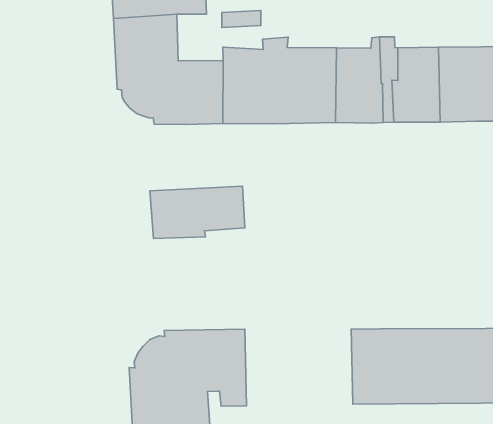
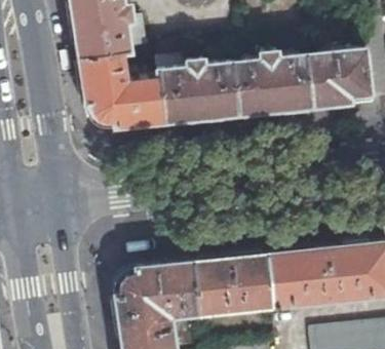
building: [150,186,245,239] -> none
building: none -> [191,254,270,313]

